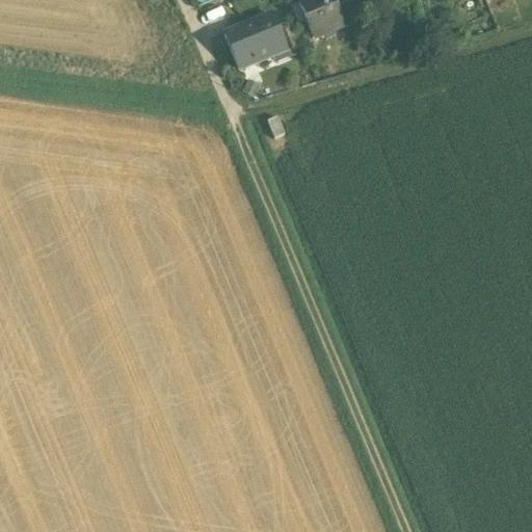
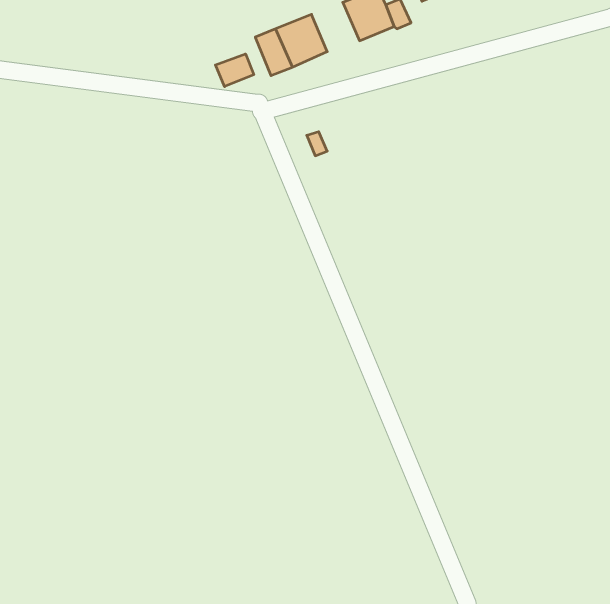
building: none -> [215,54,254,87]

